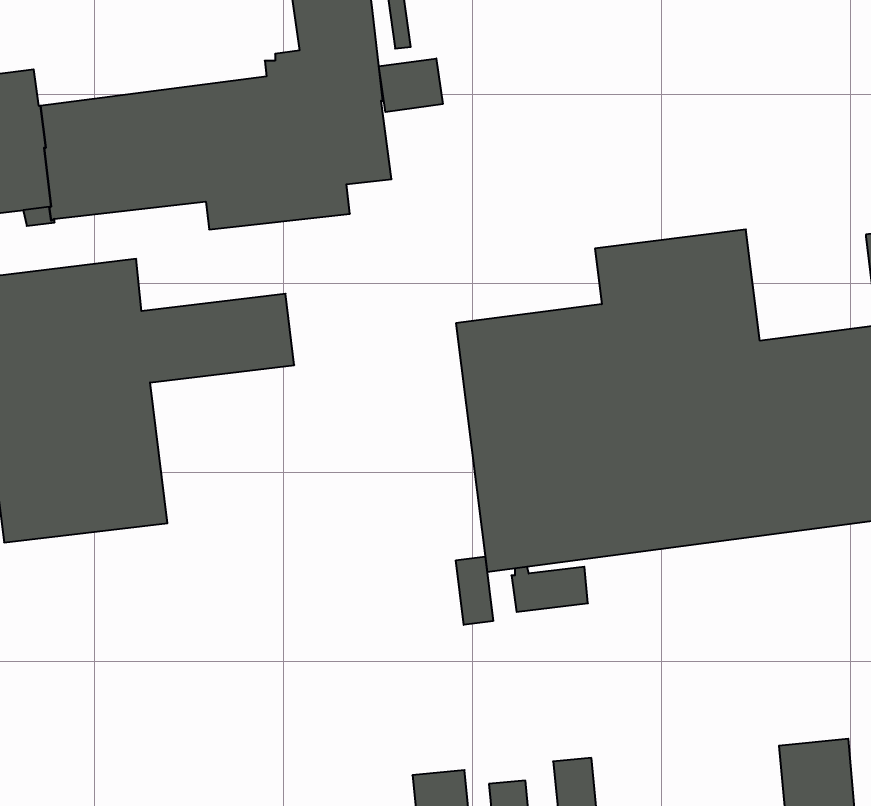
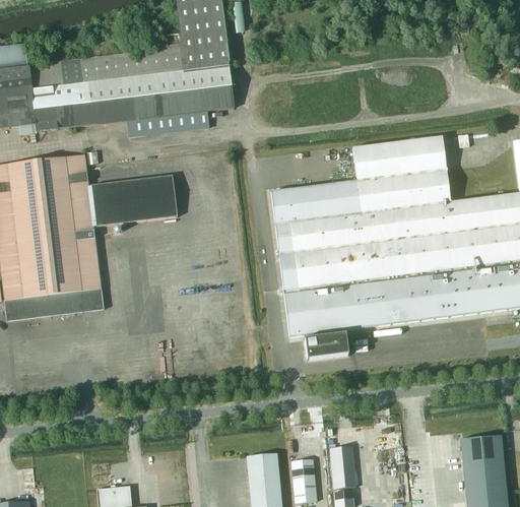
building: [379,58,443,112] -> none
building: [456,556,493,625] -> none

